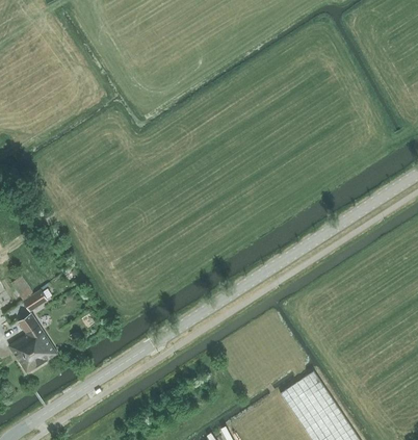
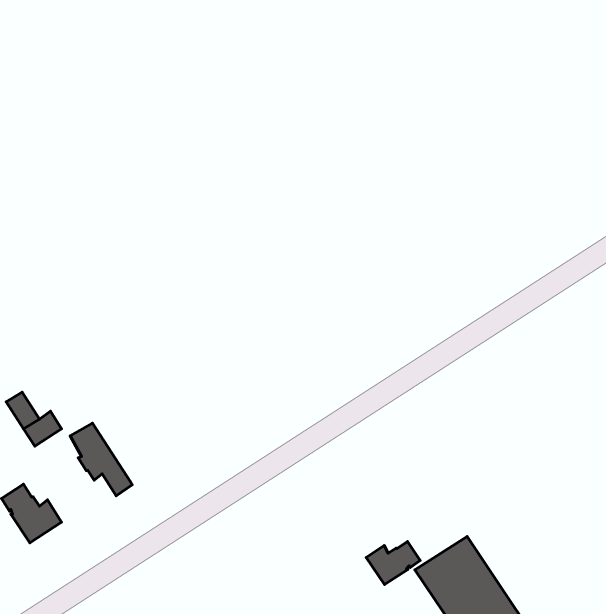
building: [17,313,57,361] -> [70,423,132,496]
building: none -> [366,542,420,585]

